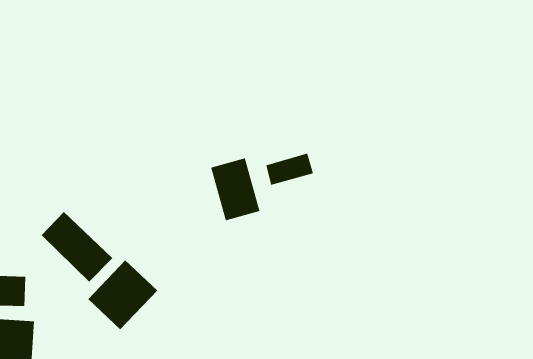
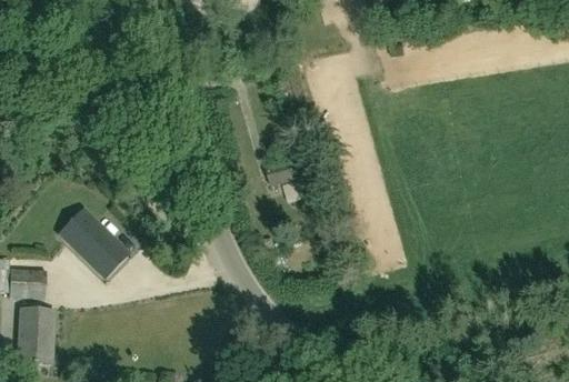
building: [211,157,260,221] -> none
building: [87,259,158,330] -> none

